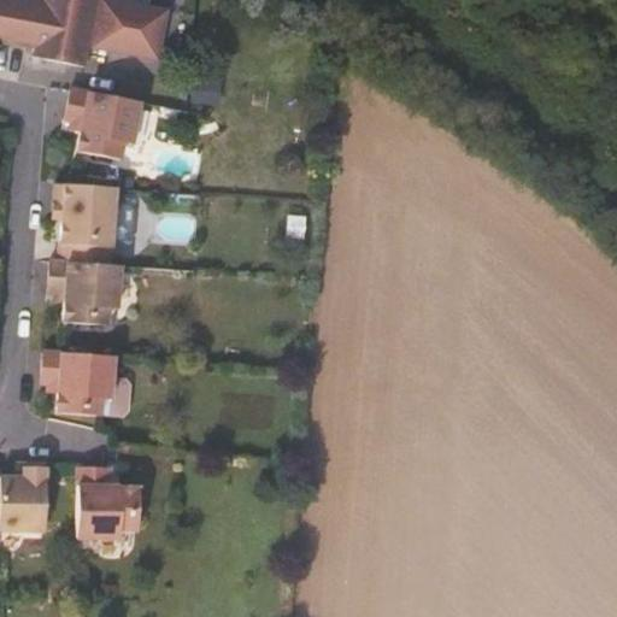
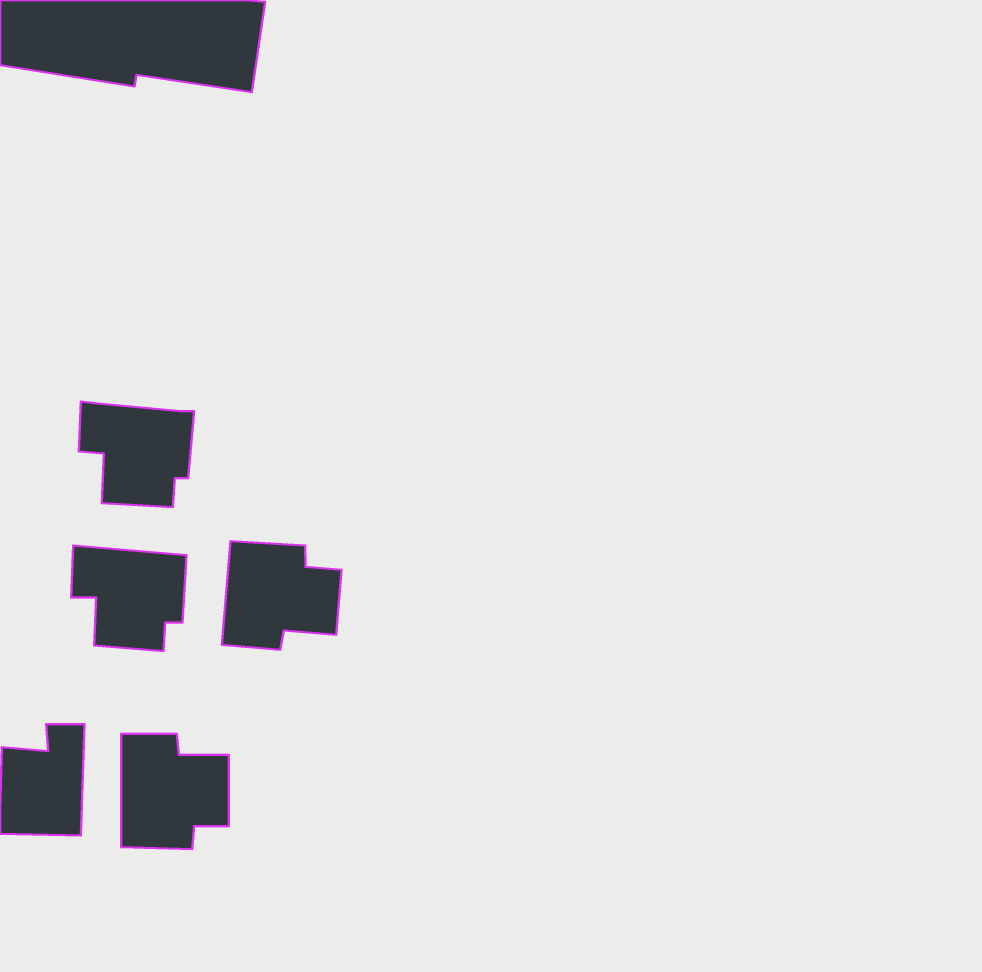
building: [66,89,140,160] -> none
building: [54,180,139,264] -> none
building: none -> [222,541,342,650]

